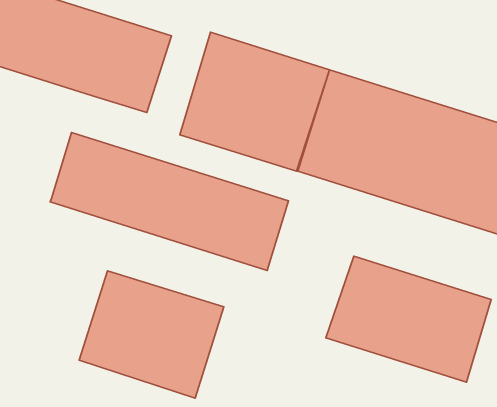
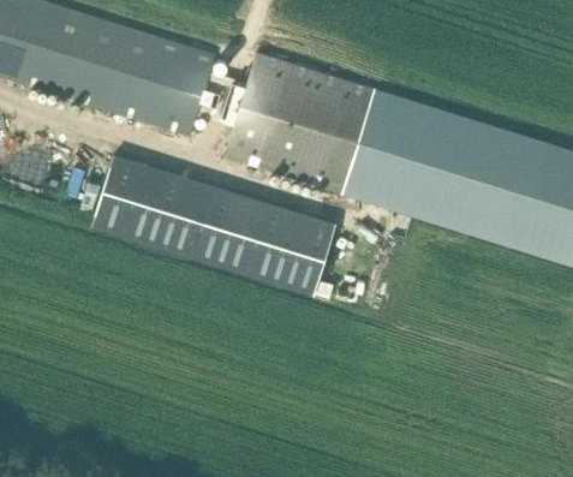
building: [326,256,491,382] -> none
building: [79,271,224,398] -> none

